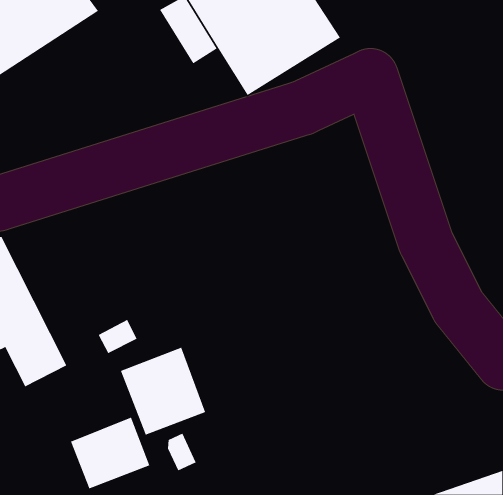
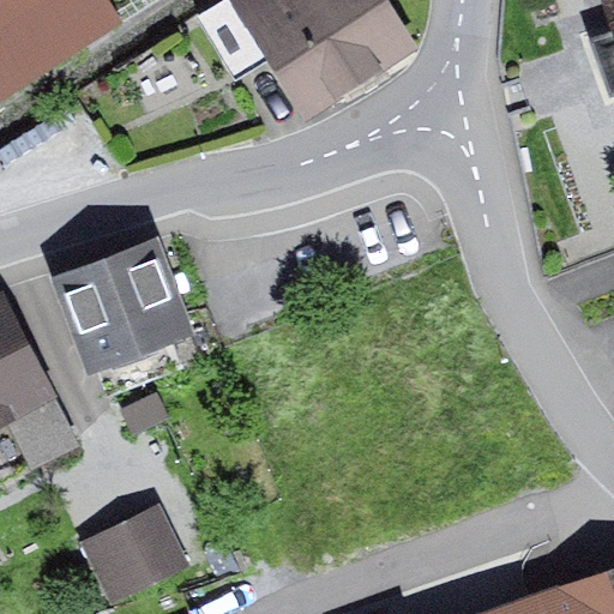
building: none -> [53,243,193,392]
building: [120,347,206,436] -> none

